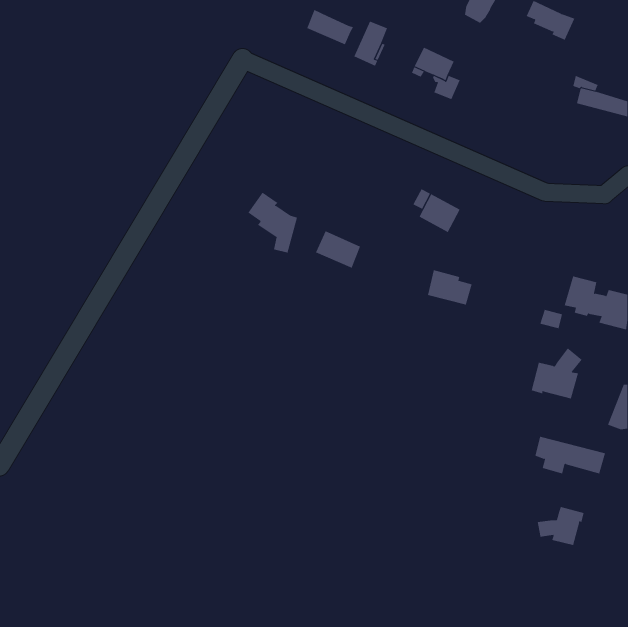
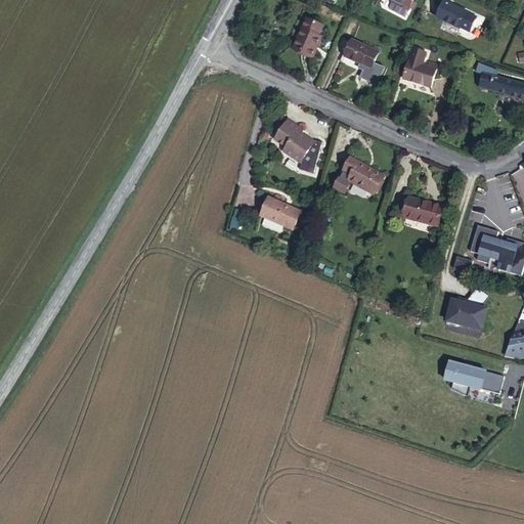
building: [306,9,354,45] -> none
building: none -> [403,59,437,86]
building: [247,192,298,253] -> [285,125,326,176]
building: [427,269,473,305] -> [404,195,442,225]
building: [537,506,584,546] -> none

